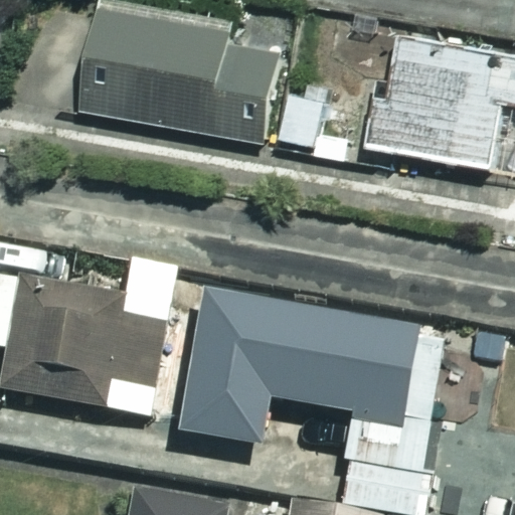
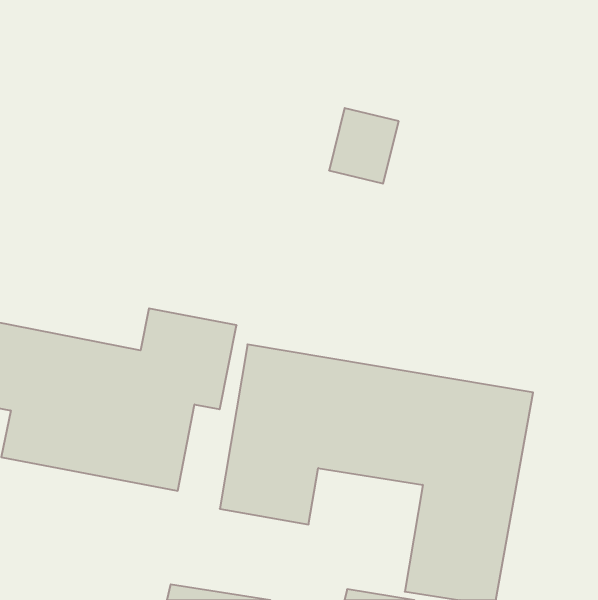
building: [79,10,279,145] -> none
building: [364,45,497,170] -> none

